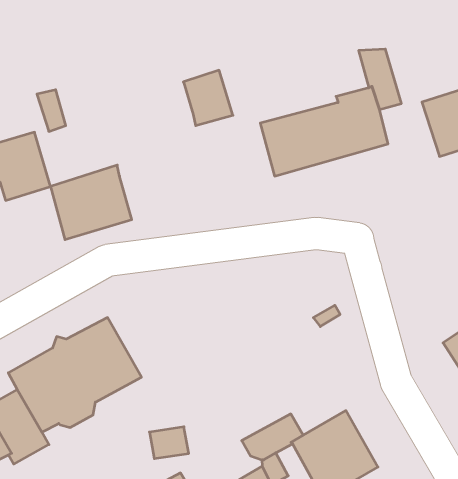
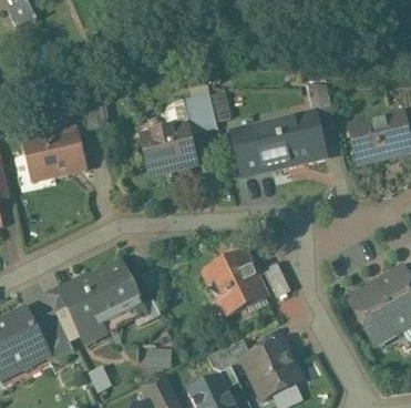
building: [51,165,132,240] -> [141,123,196,173]
building: none -> [205,252,263,315]

